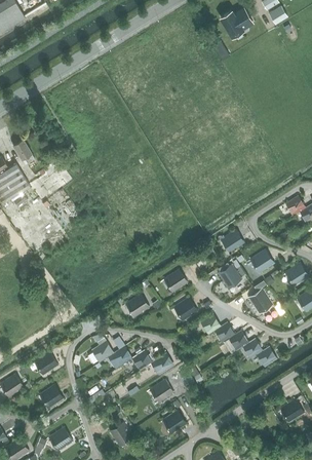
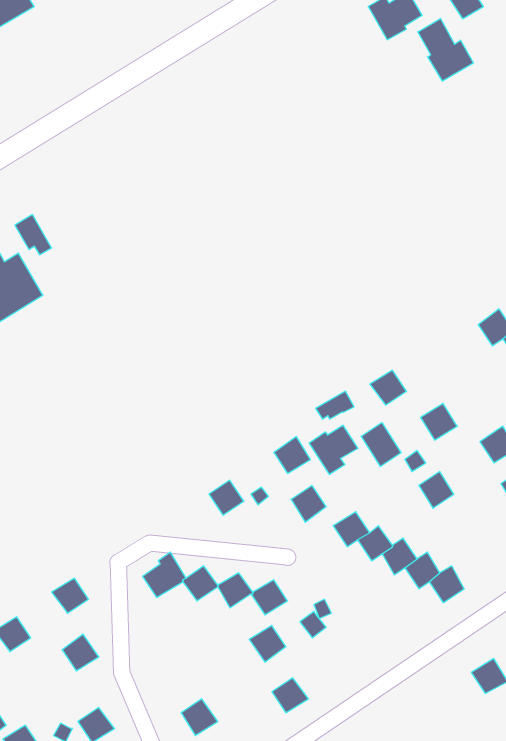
building: none -> [418,18,473,81]
building: none -> [309,425,358,474]

